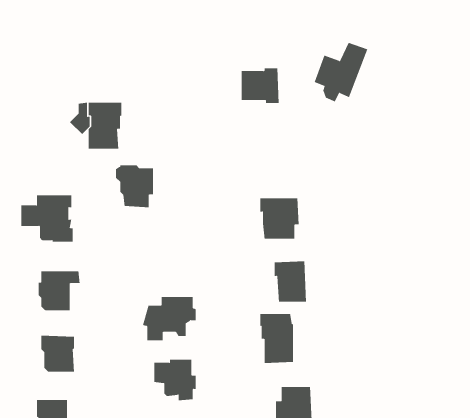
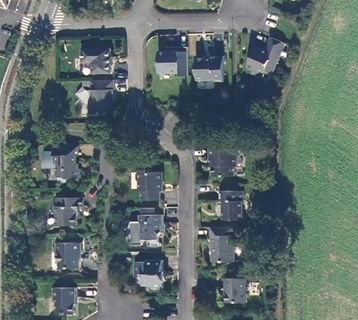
building: none -> [157,46,188,75]
building: none -> [80,48,111,73]
building: [115,165,154,208] -> [134,169,161,199]

